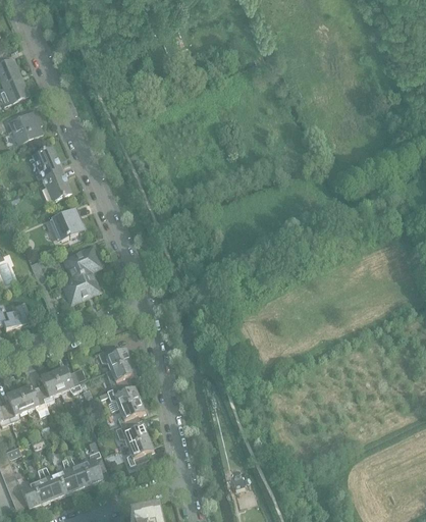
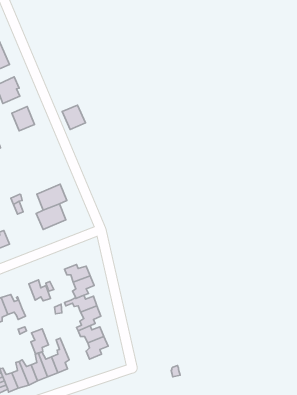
building: [40,169,69,200] -> [62,105,86,129]
building: [47,209,83,239] -> none
building: [38,370,60,402] -> [31,329,49,354]

